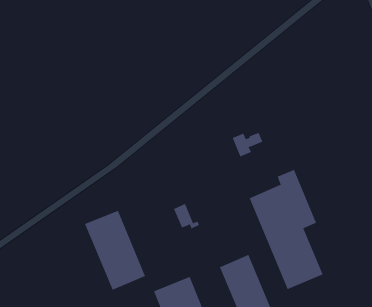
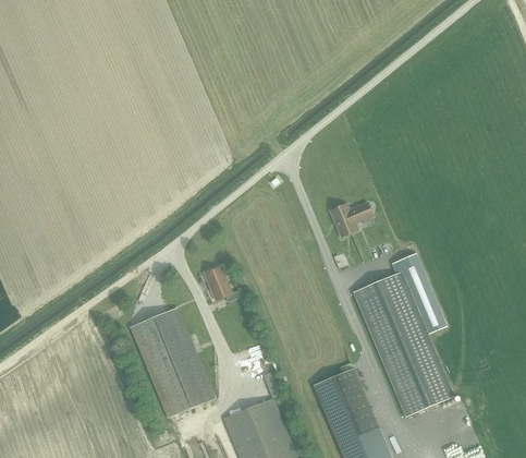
building: [173,203,200,229] -> [204,267,240,302]

